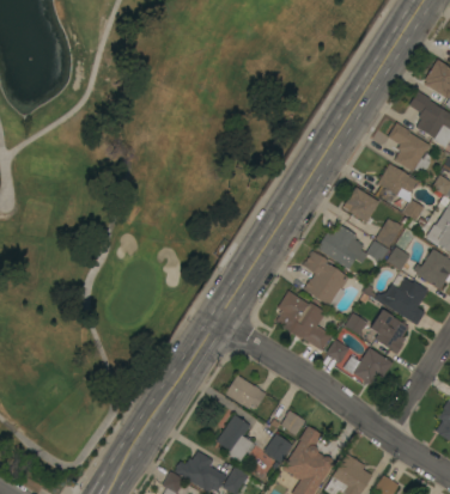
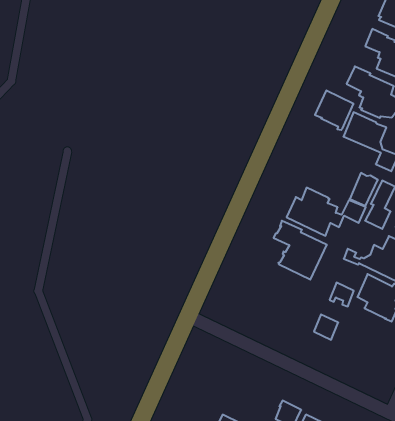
building: [342,187,378,224] -> [315,90,354,130]
building: [275,291,332,350] -> none
building: [342,347,391,385] -> none
building: [225,374,266,409] -> none

